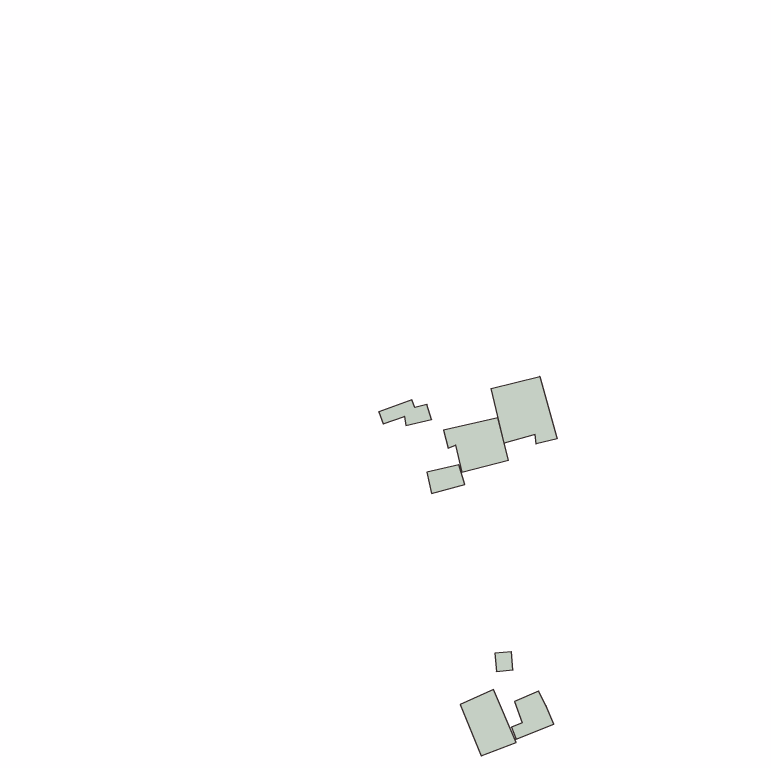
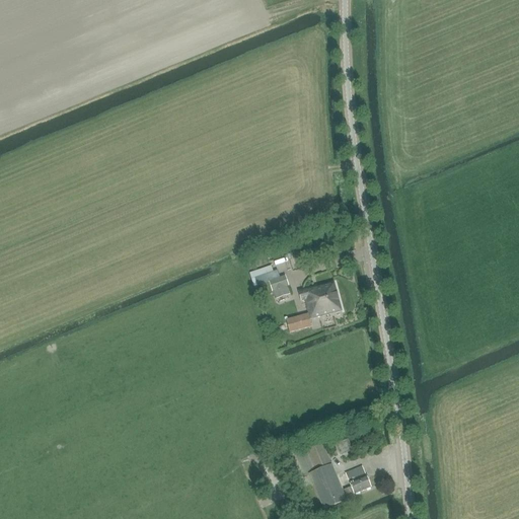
building: [491,376,557,444] -> none
building: none -> [295,440,331,474]

